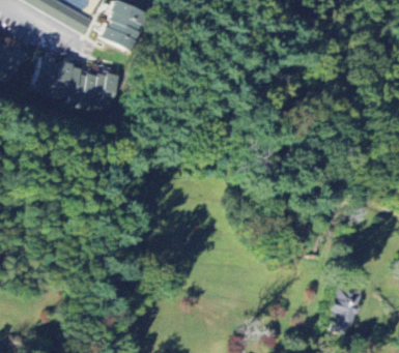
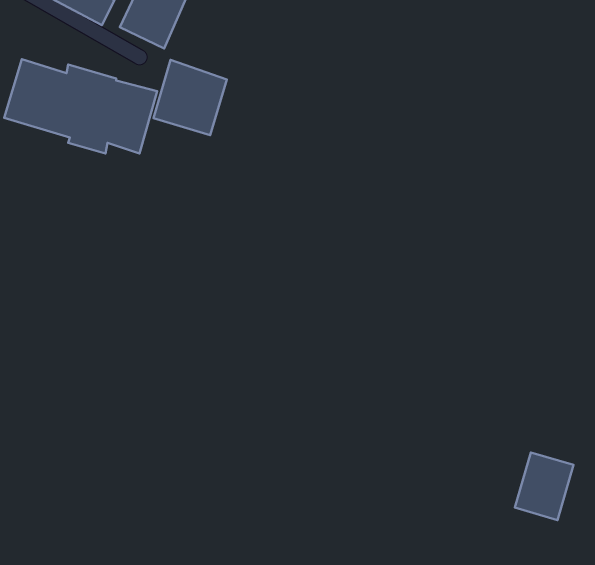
building: none -> [153,60,227,135]

